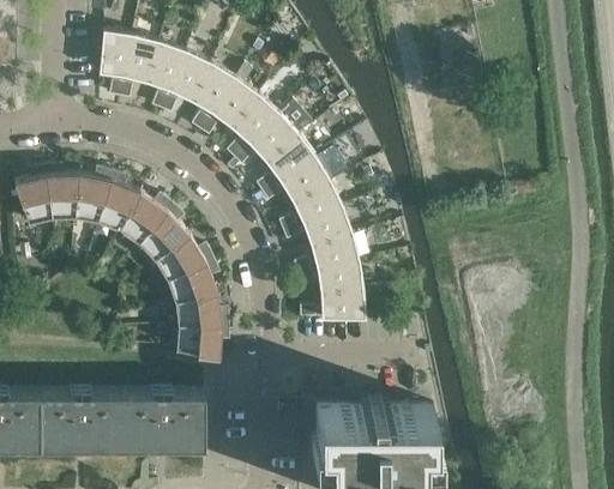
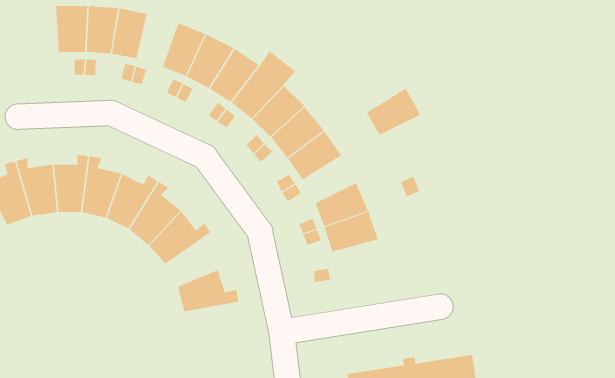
building: [170,52,212,102] -> none
building: [303,207,353,247] -> [366,88,421,136]
building: [167,259,218,303] -> none
building: [320,289,366,319] -> none
building: [176,326,230,360] -> none

